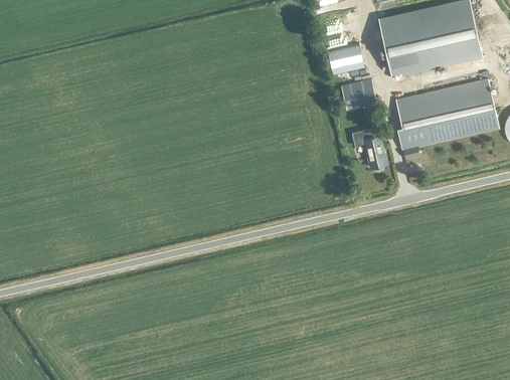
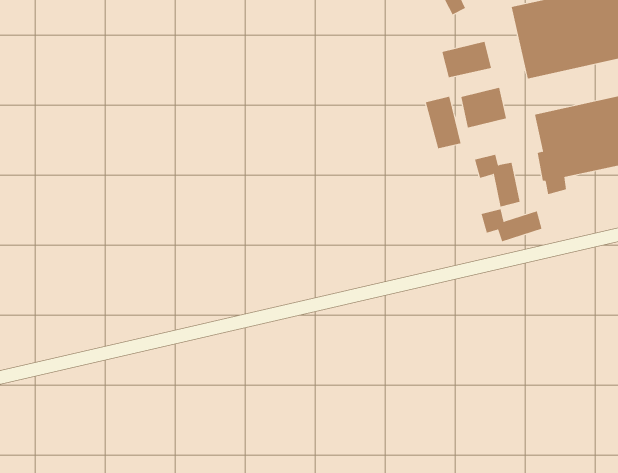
building: none -> [425,96,461,149]
building: none -> [481,208,542,242]

